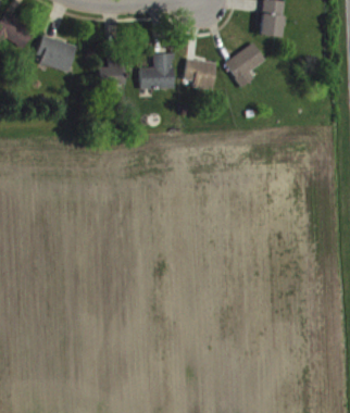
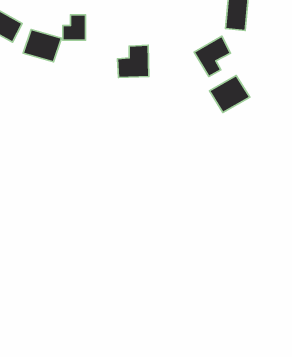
building: [97,55,122,84] -> [63,15,85,40]
building: [184,59,216,90] -> none
building: none -> [209,75,250,113]

